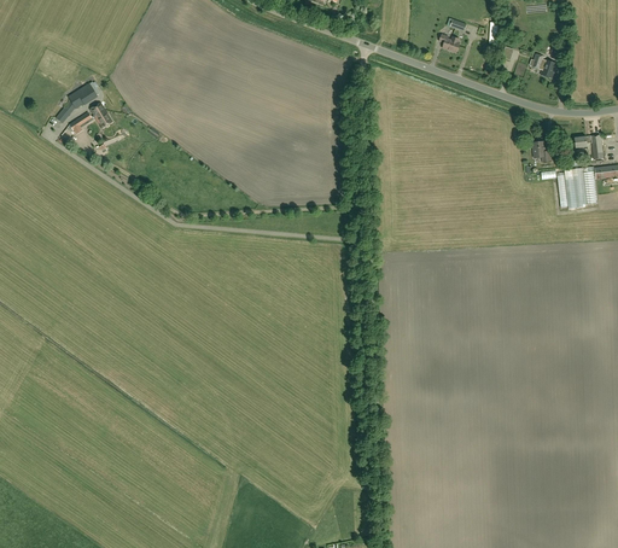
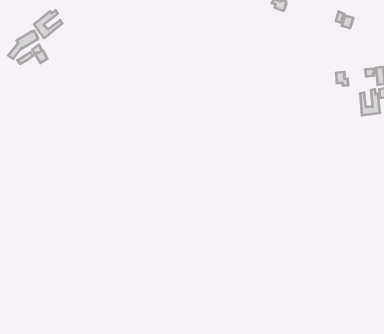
building: none -> [34,10,62,38]

